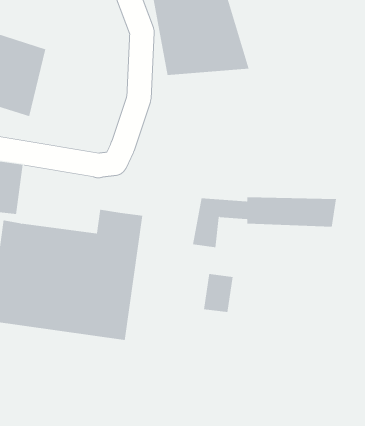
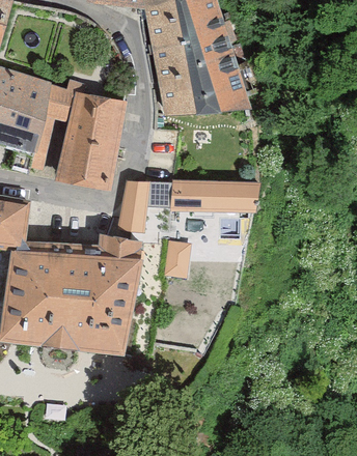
building: none -> [31,82,122,187]
building: [192,197,337,248] -> [119,180,257,229]
building: [203,273,233,313] -> [163,241,192,279]

